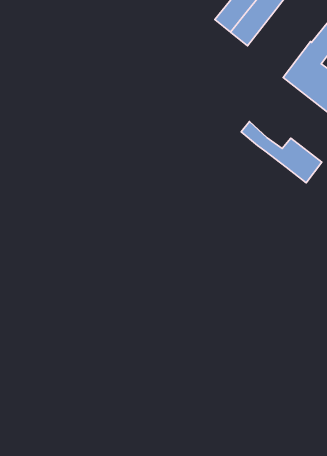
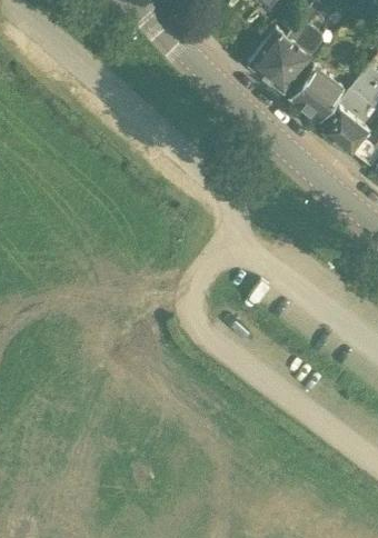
building: none -> [290,66,344,119]
building: [241,121,322,183] -> none

